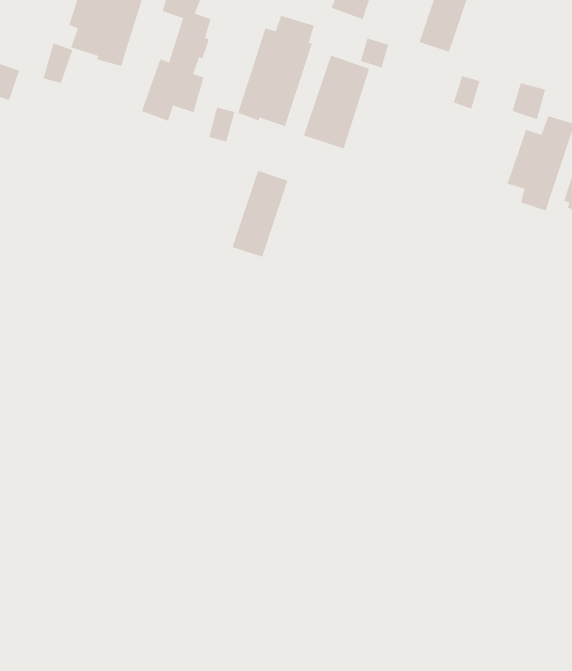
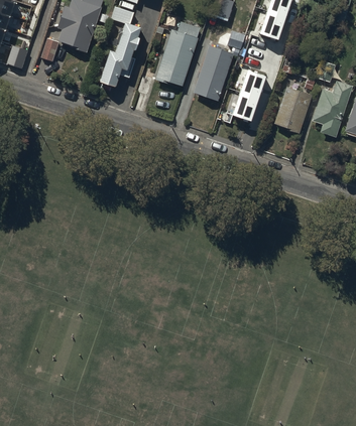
building: none -> [274,86,311,132]
building: [232,170,289,258] -> [233,73,266,124]

